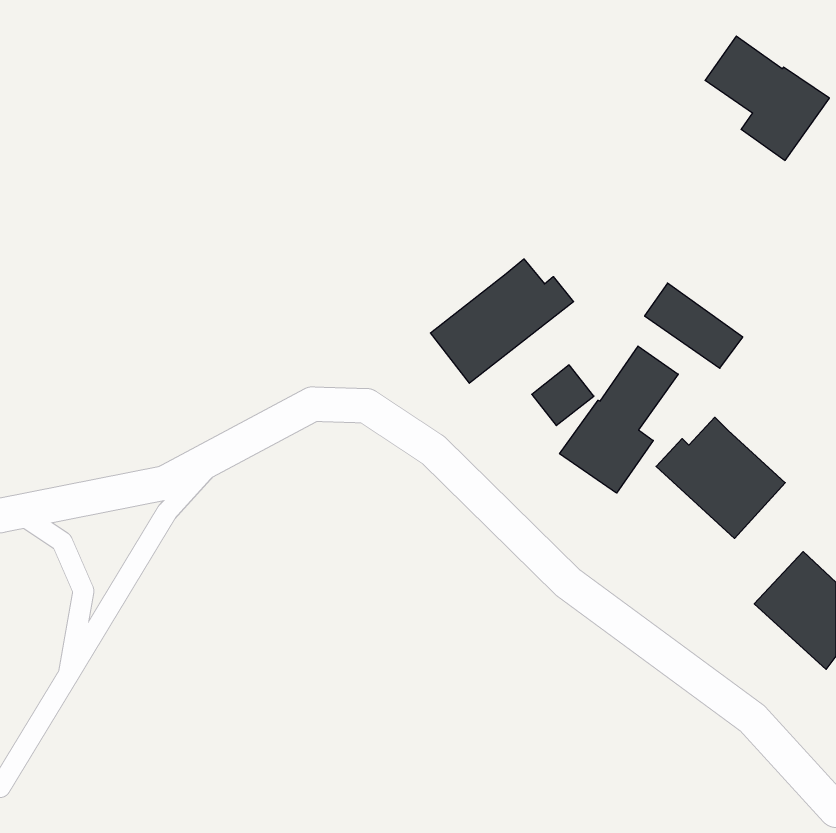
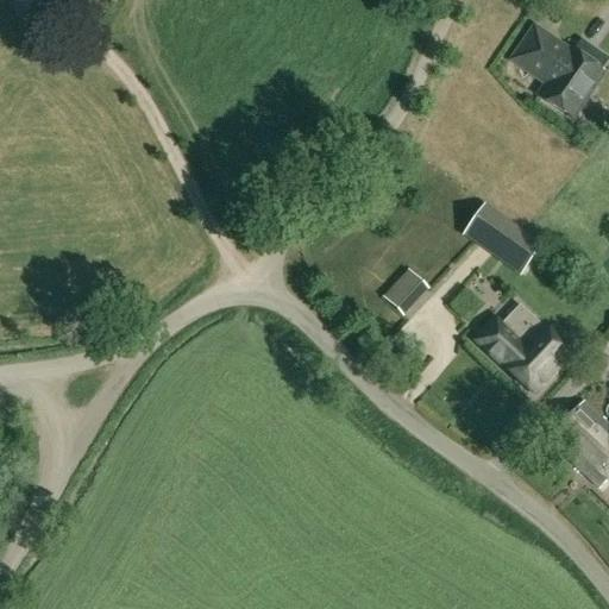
building: [430,259,574,383] -> none
building: [560,346,678,493] -> none

